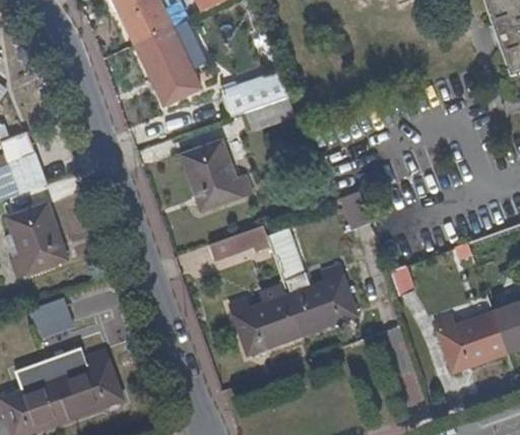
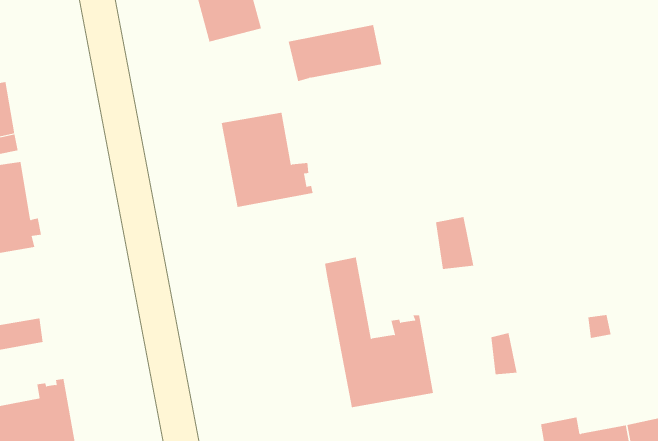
building: [237,97,291,134] -> none
building: [206,226,270,261] -> none
building: [228,284,302,354] -> none

